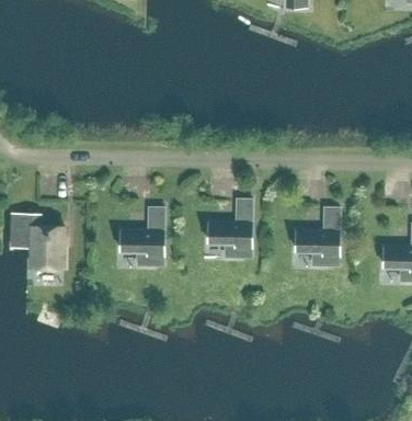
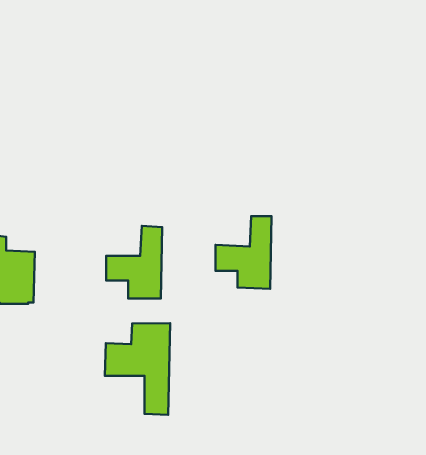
building: [296,206,341,265] -> none
building: none -> [105,323,170,415]

